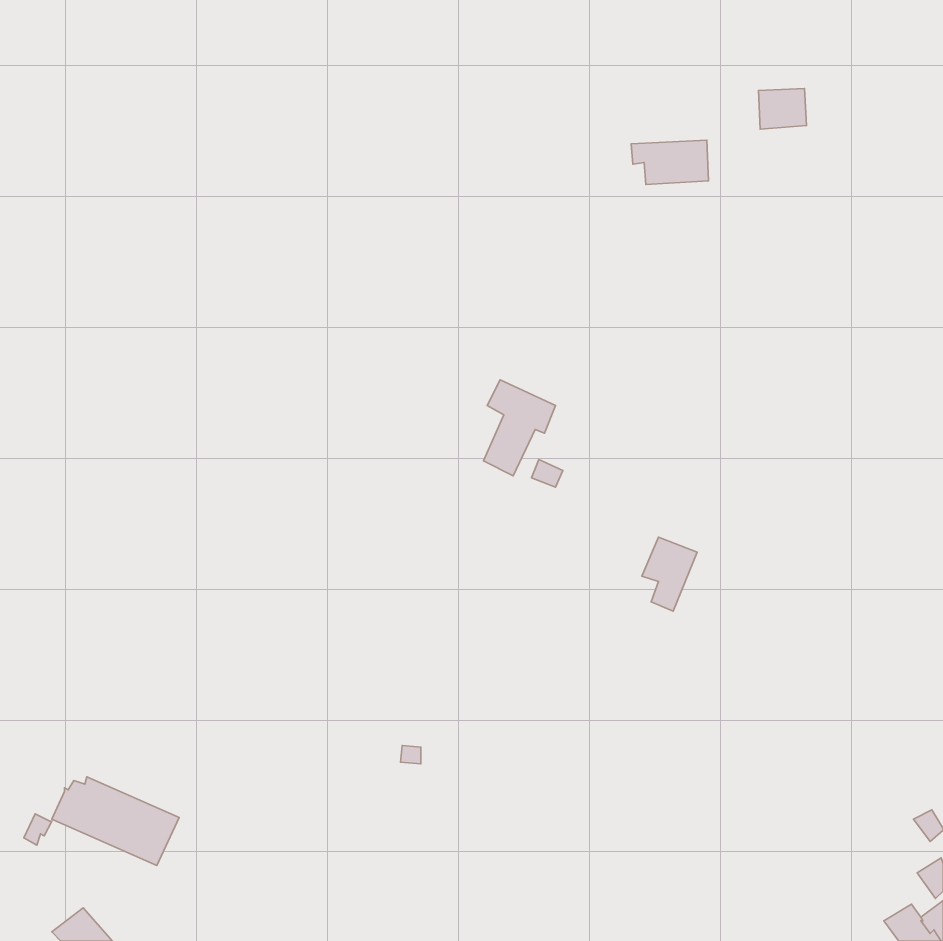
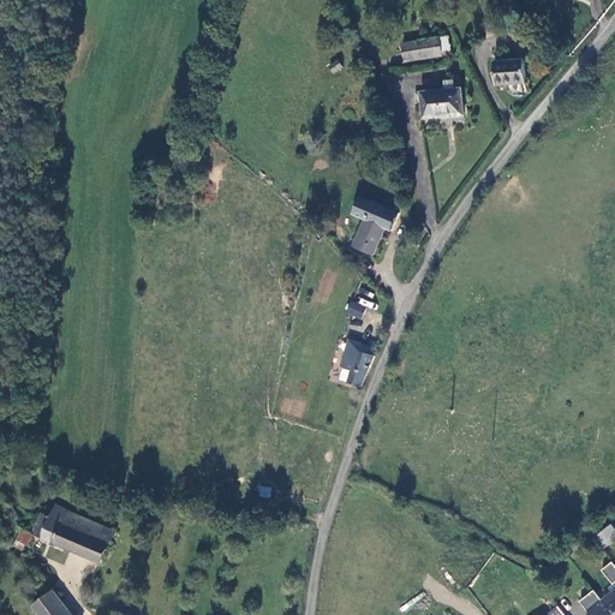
building: none -> [398,40,440,60]
building: [483,380,555,476] -> [351,195,398,257]
building: [642,537,697,611] -> [341,344,377,392]

